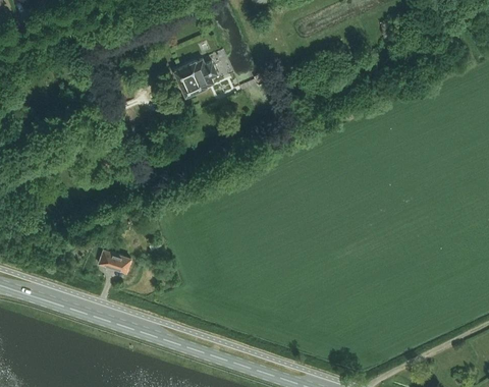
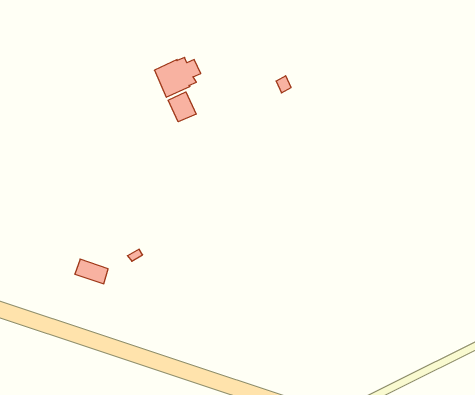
building: none -> [168,92,196,122]

